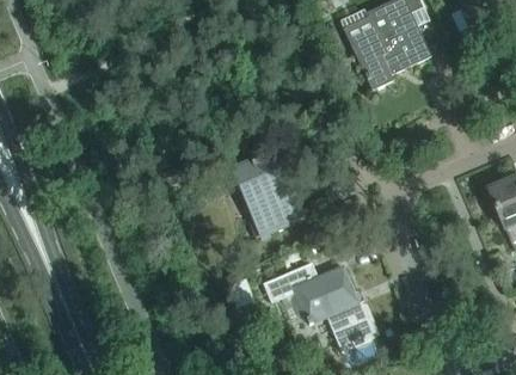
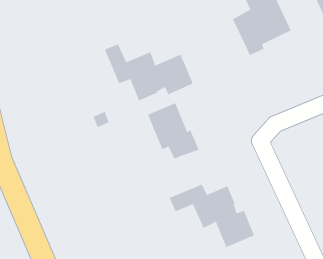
building: none -> [104,43,194,101]

